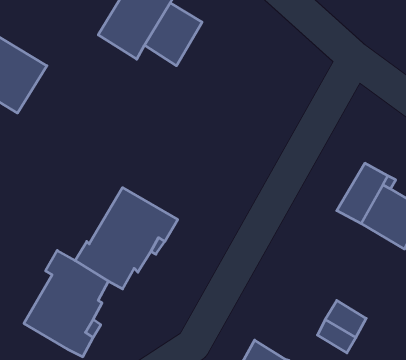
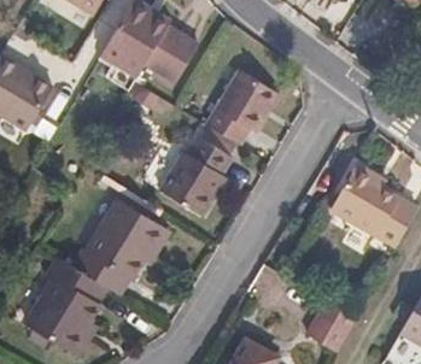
building: none -> [207,70,277,141]
building: none -> [163,134,232,213]

